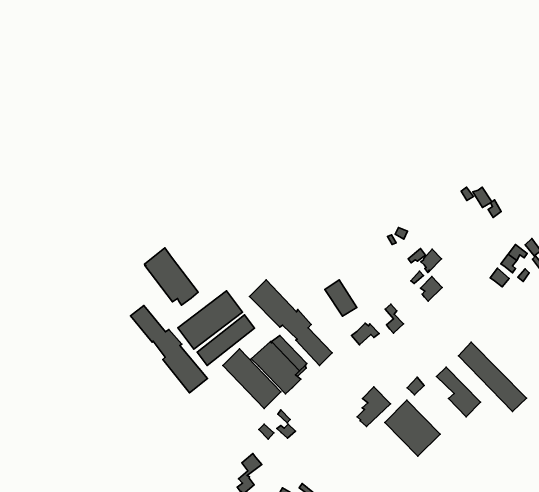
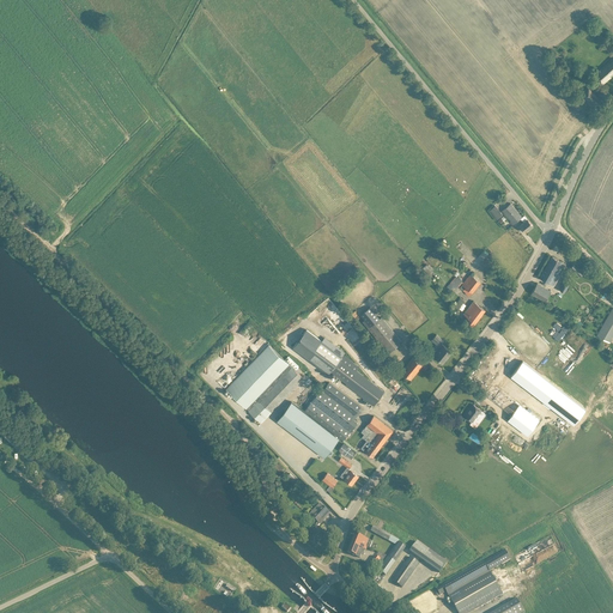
building: [145,248,198,305] -> none
building: [130,305,207,393] -> none
building: [357,387,390,427] -> [362,417,393,457]
building: [385,400,440,456] -> none

